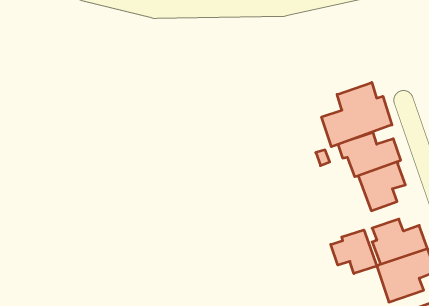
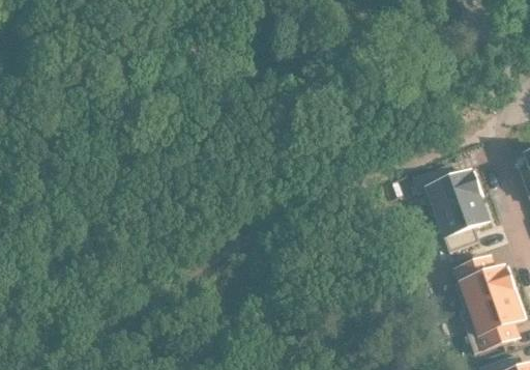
building: [322,82,392,147] -> none
building: [331,230,377,274] -> none

